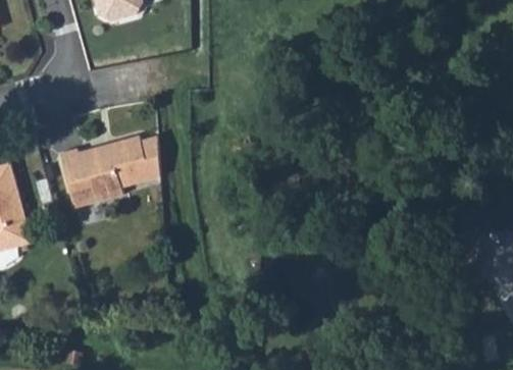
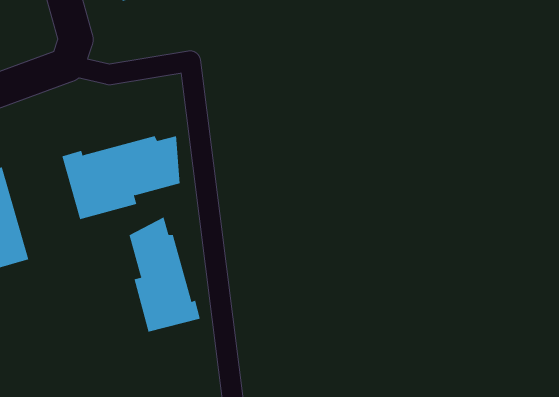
building: none -> [129,216,200,333]

